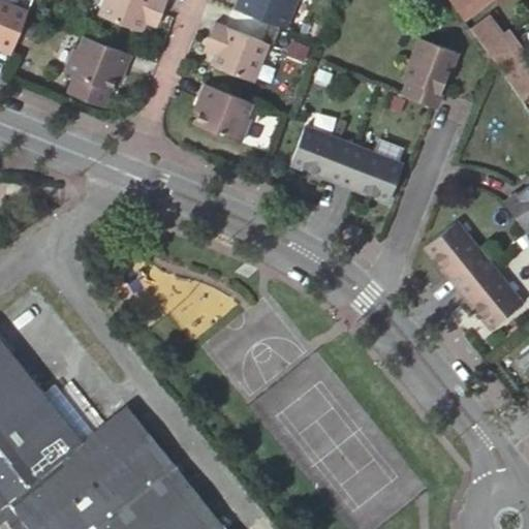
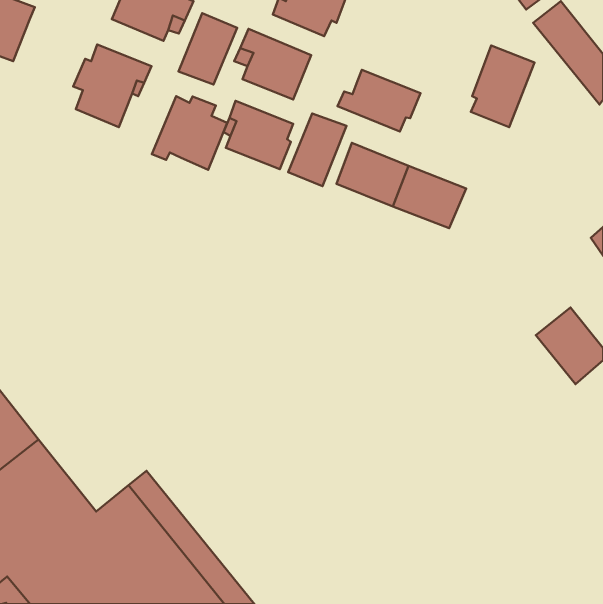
building: none -> [178,13,237,85]
building: none -> [337,70,421,131]
building: none -> [152,96,227,170]
building: none -> [288,113,346,186]
building: [428,223,491,288] -> none

